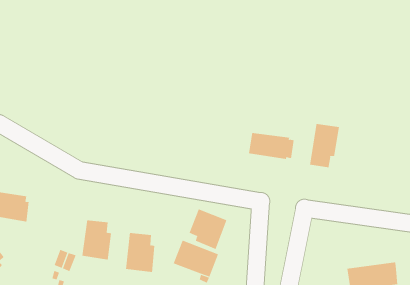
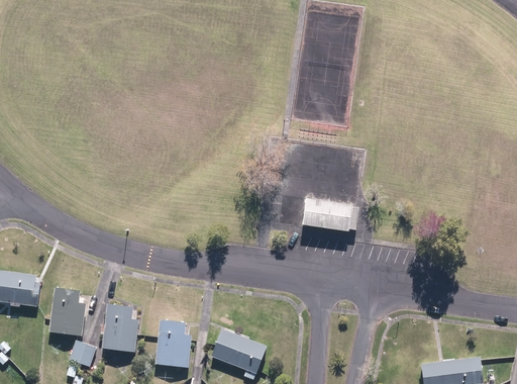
building: [310,123,340,168] -> none
building: none -> [48,287,86,337]
building: [189,209,227,250] -> none

